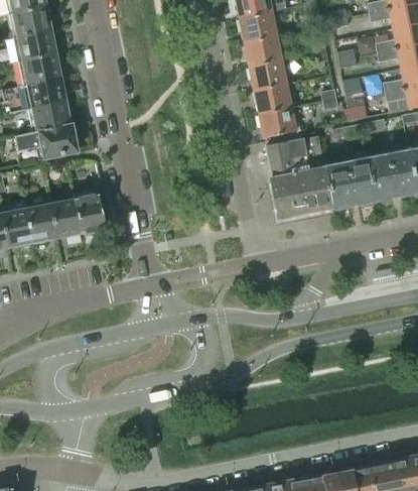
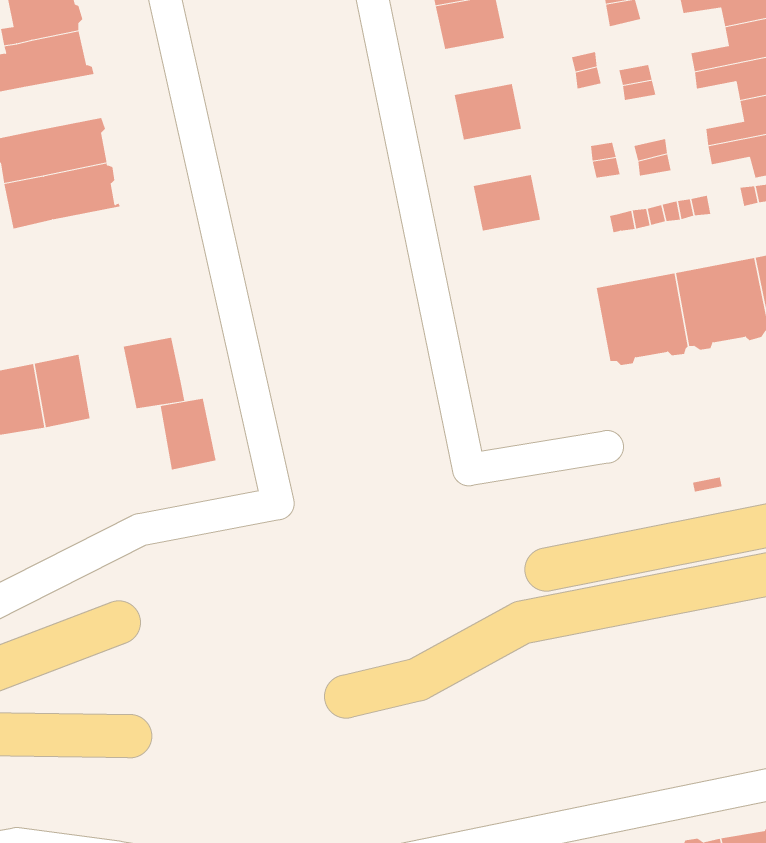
building: [245,35,281,66] -> none
building: [21,54,62,85] -> none
building: [255,84,291,114] -> none
building: [15,125,78,159] -> none
building: [267,137,333,222] -> none
building: [50,200,81,238] -> [160,398,217,470]

